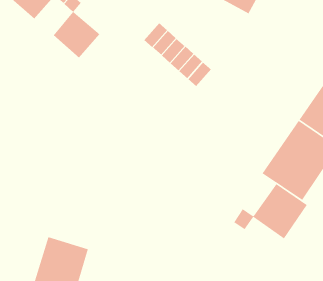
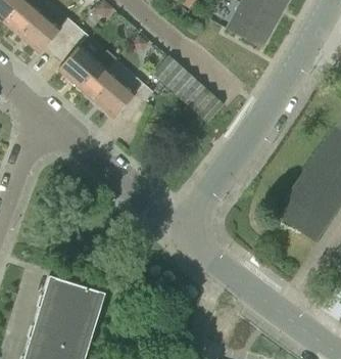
building: none -> [84,69,152,118]
building: [233,183,308,240] -> none

